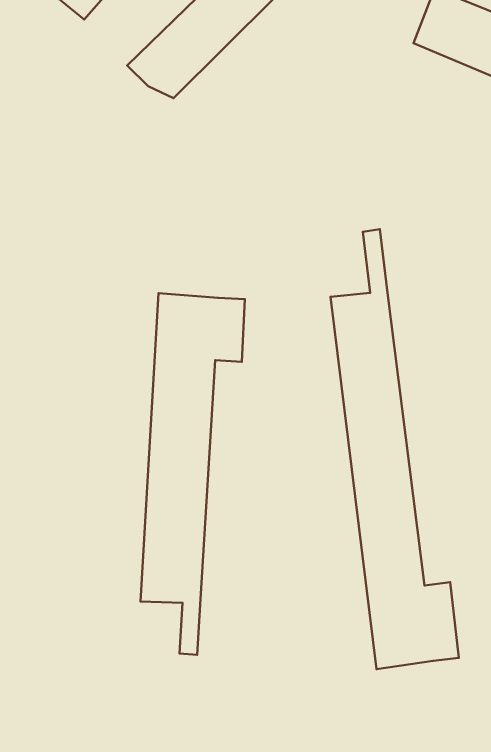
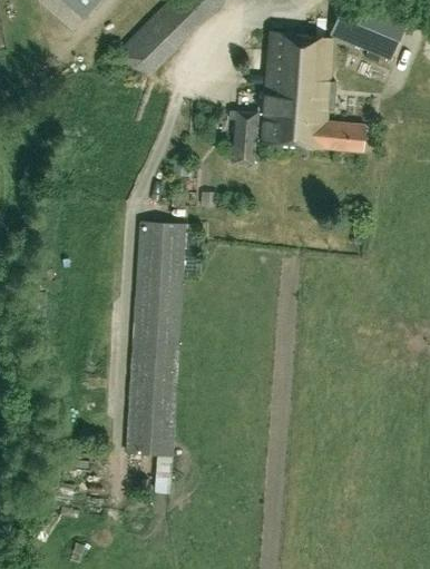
building: none -> [229,32,363,164]
building: [330,229,459,669] -> none

